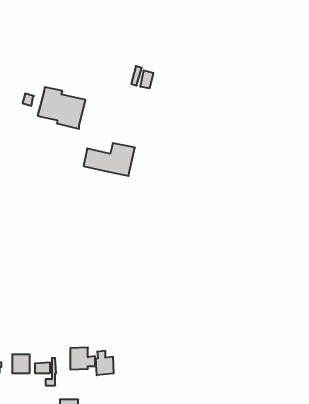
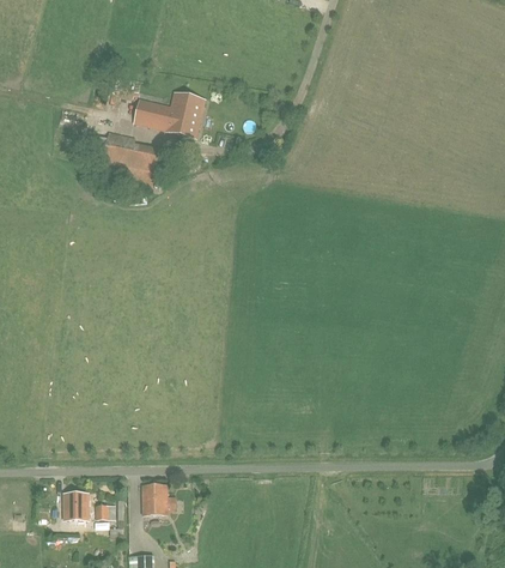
building: [84,143,135,176] -> [135,92,205,137]
building: [96,351,114,375] -> none

